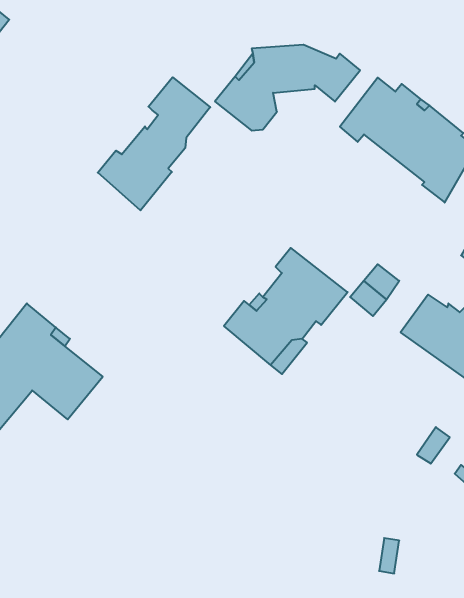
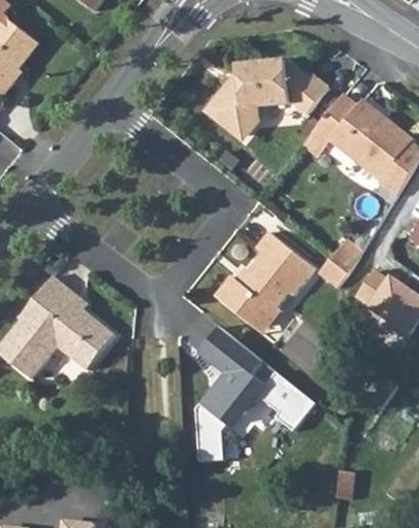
building: [98,77,210,210] -> none
building: none -> [197,325,317,459]

